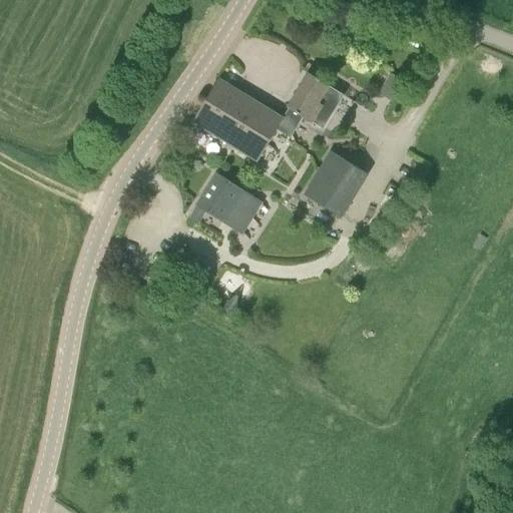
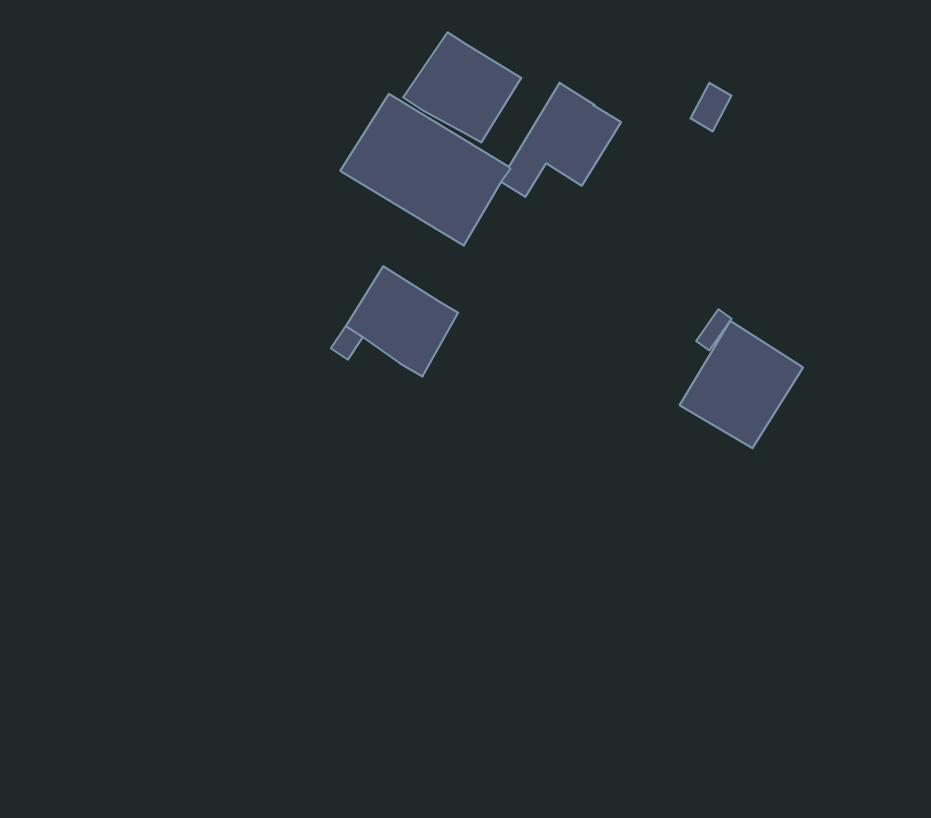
building: none -> [403,32,521,143]
building: [303,149,369,217] -> [680,321,803,448]

